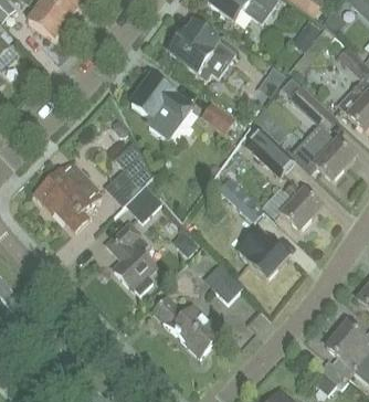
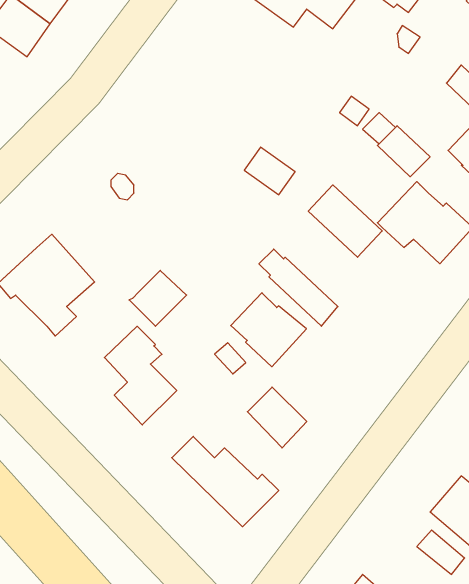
building: [168,22,236,78] -> none
building: [131,76,192,120] -> none
building: [112,140,152,199] -> none
building: [280,180,323,229] -> none
building: [239,229,289,278] -> [231,293,306,367]

